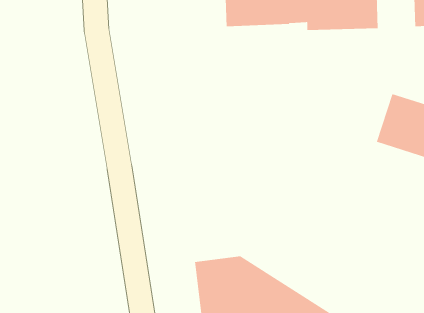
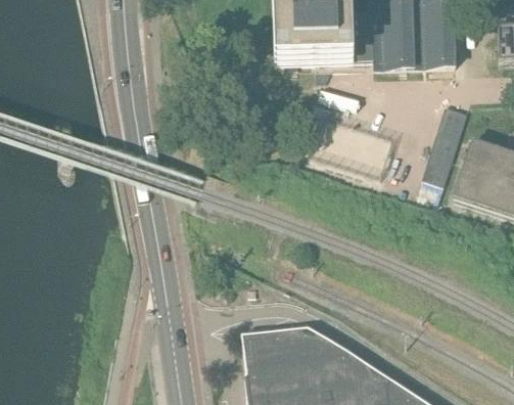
building: none -> [415,106,467,210]

